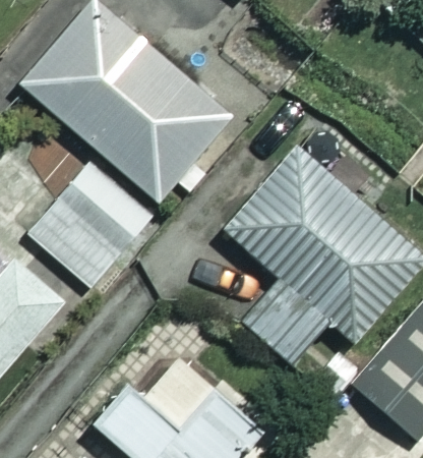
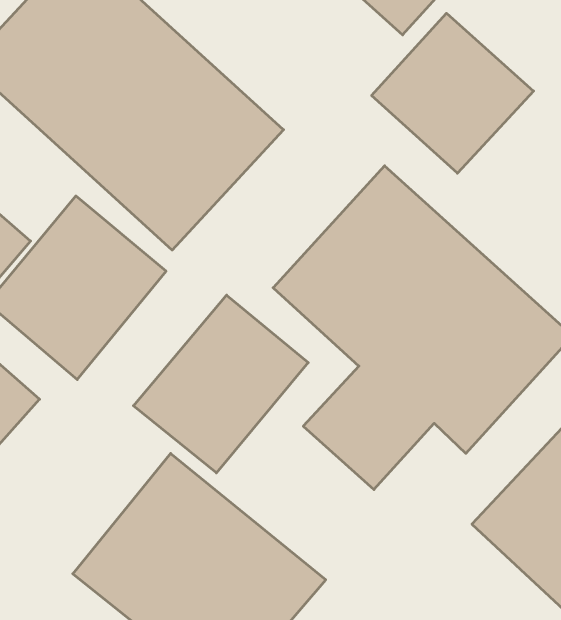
building: none -> [372,13,534,173]
building: none -> [133,295,308,473]

